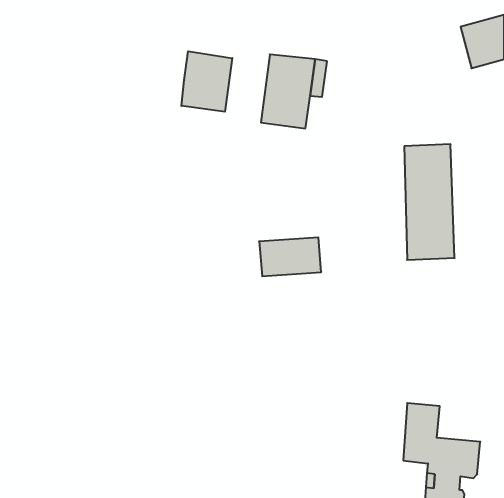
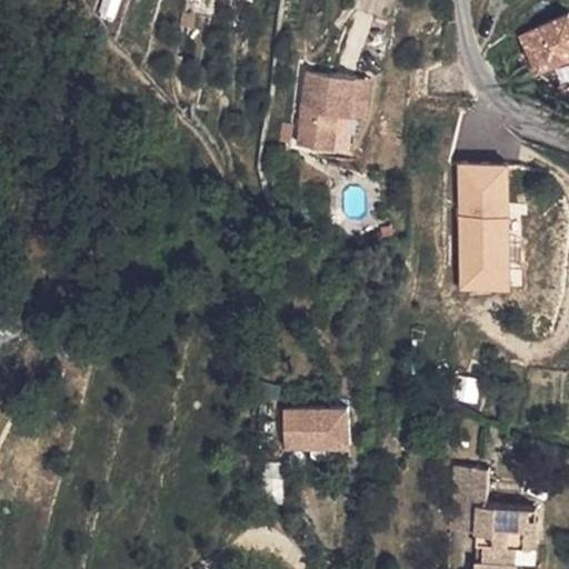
building: [181,51,232,112] -> none
building: [259,237,321,276] -> [280,405,350,448]

